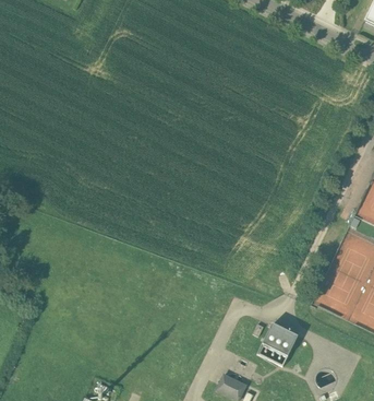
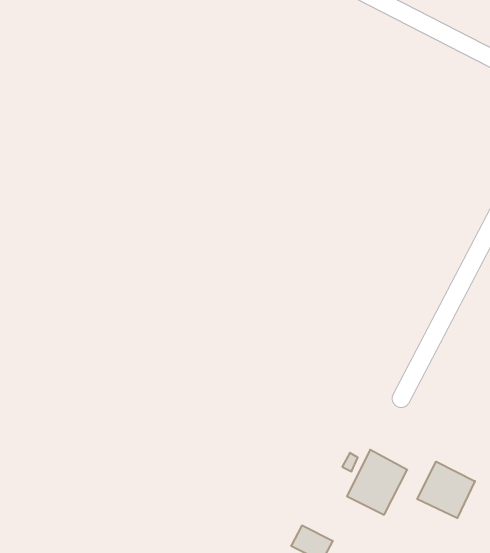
building: none -> [417,462,475,518]

